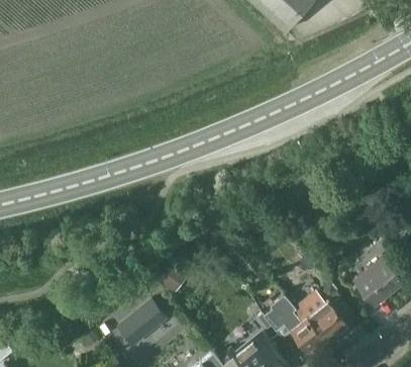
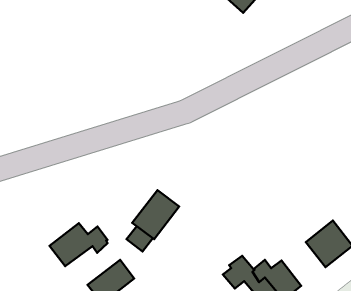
building: none -> [132,190,179,239]
building: none -> [49,223,108,266]

